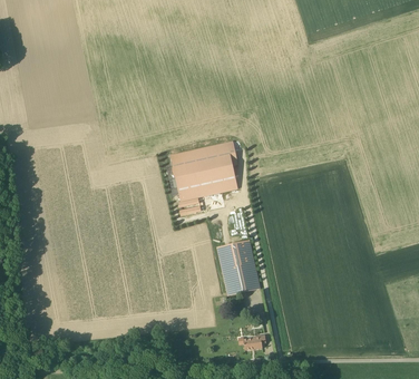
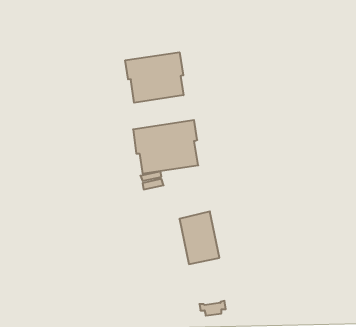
building: none -> [125,52,183,103]

